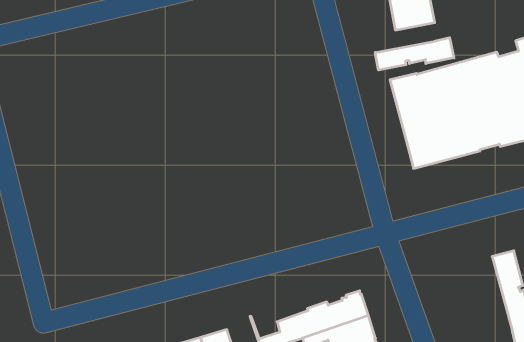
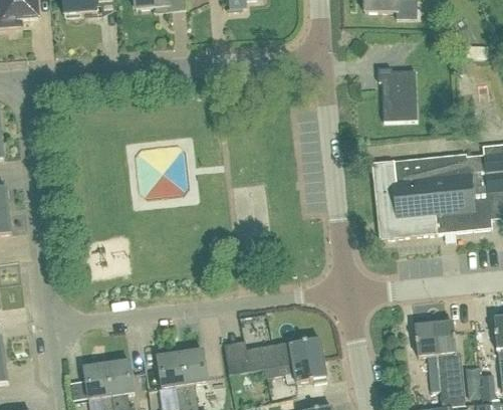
building: [375,38,454,70] -> none
building: none -> [415,323,441,390]

